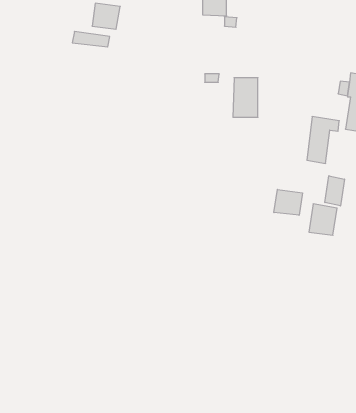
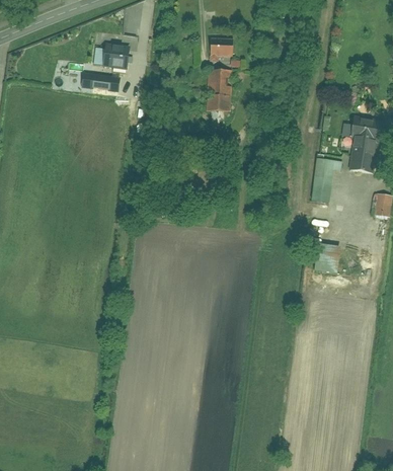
building: [233,78,258,117] -> [206,74,230,112]
building: [325,176,344,206] -> none
building: [274,189,302,215] -> none

